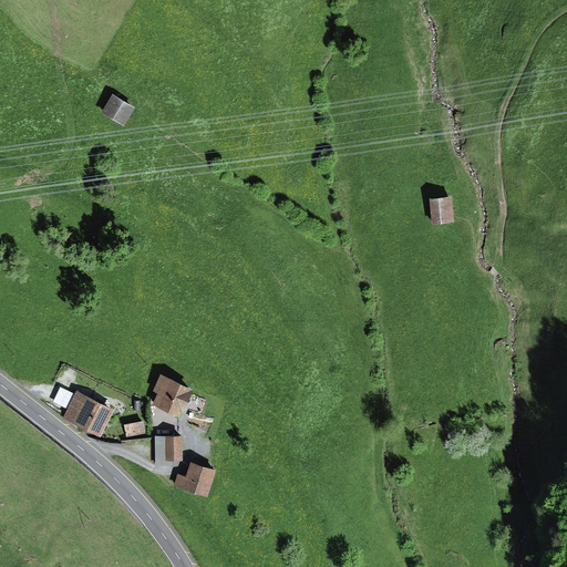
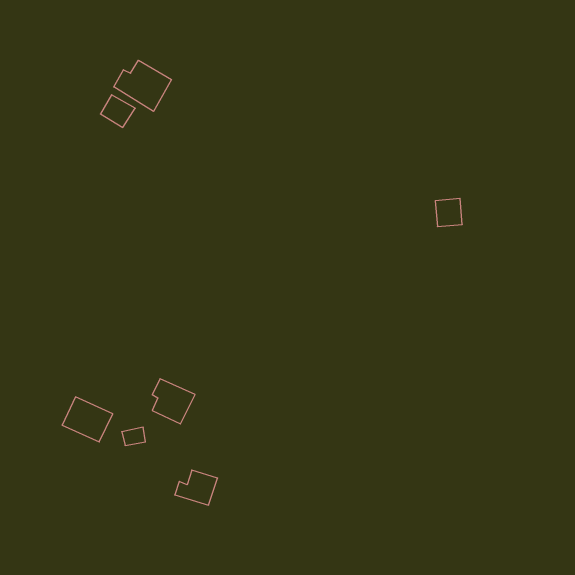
building: none -> [114,60,171,111]
building: [154,435,182,465] -> none

